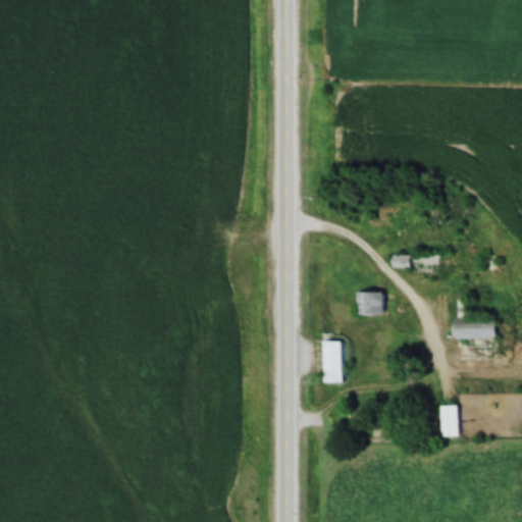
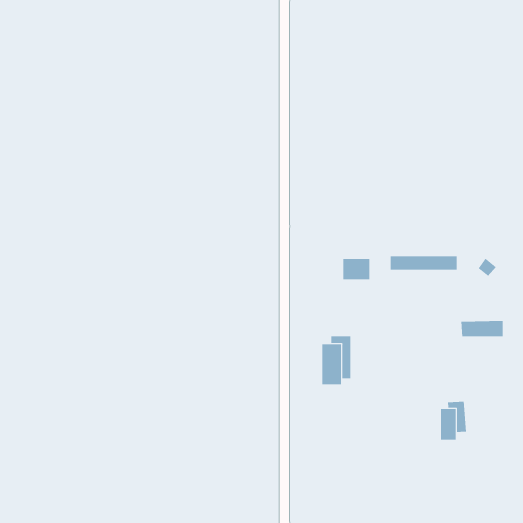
building: [353,295,380,316] -> [342,258,370,280]

